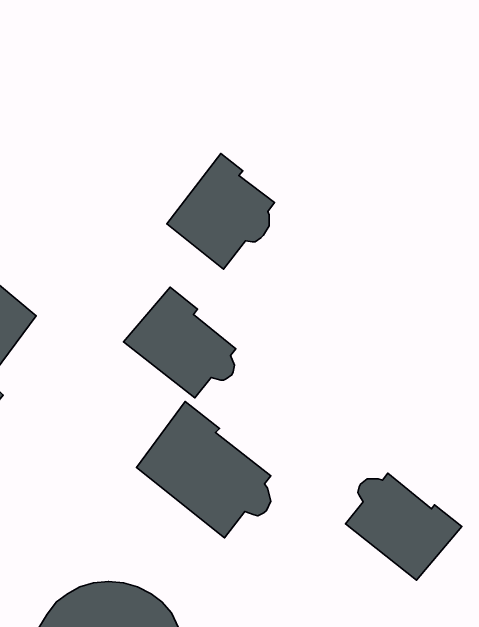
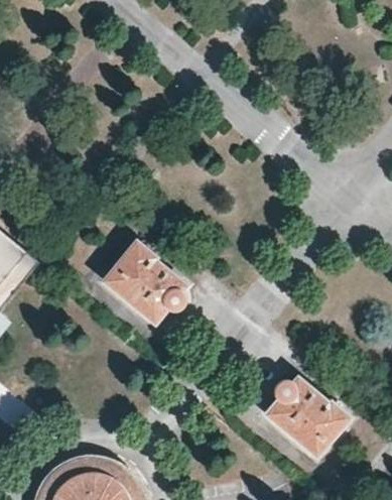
building: [167,153,275,269] -> none
building: [136,401,271,538] -> none

